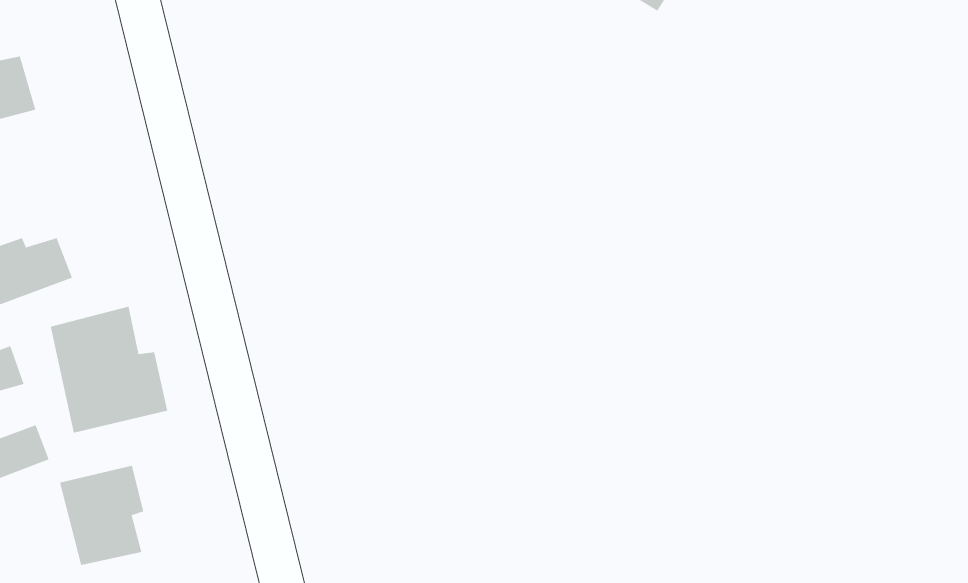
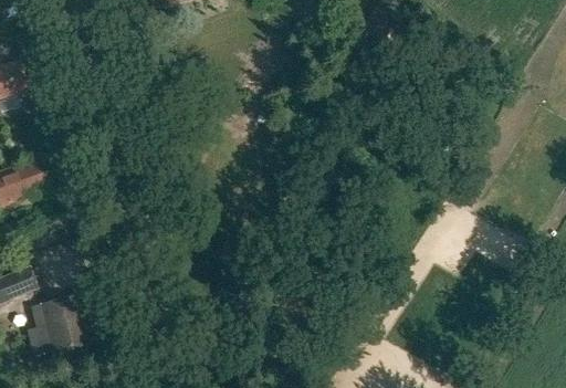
building: [50,306,168,434] -> none

